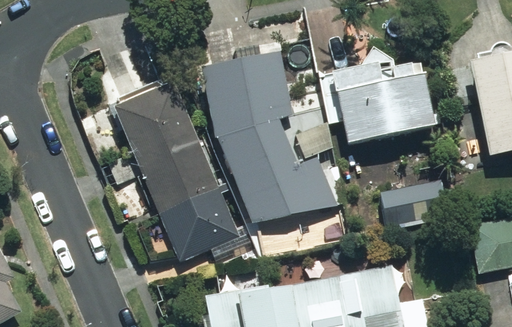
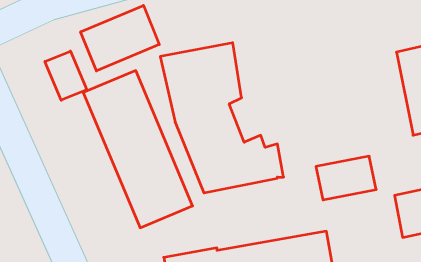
building: none -> [81,5,159,71]
building: [319,47,437,144] -> none
building: none -> [45,51,87,100]

